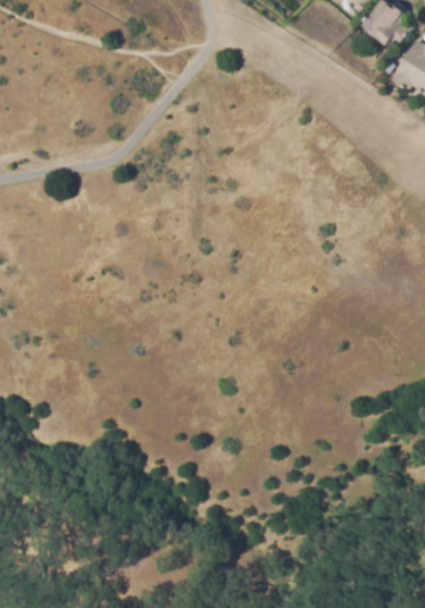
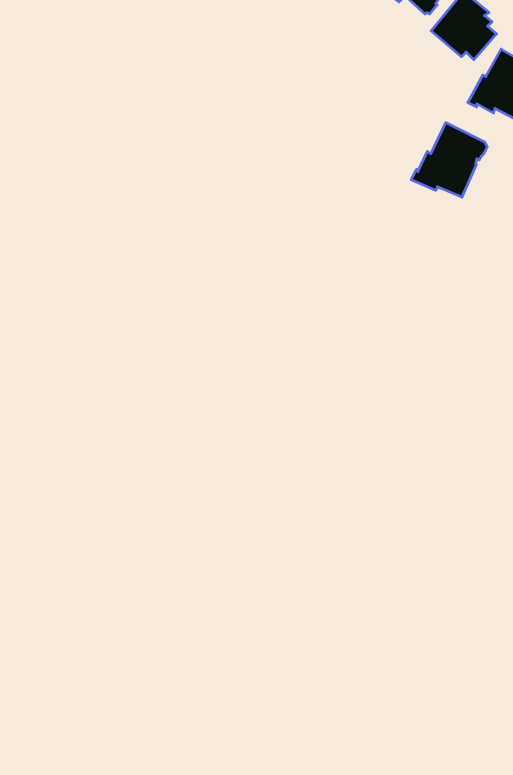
building: none -> [411,123,487,197]

